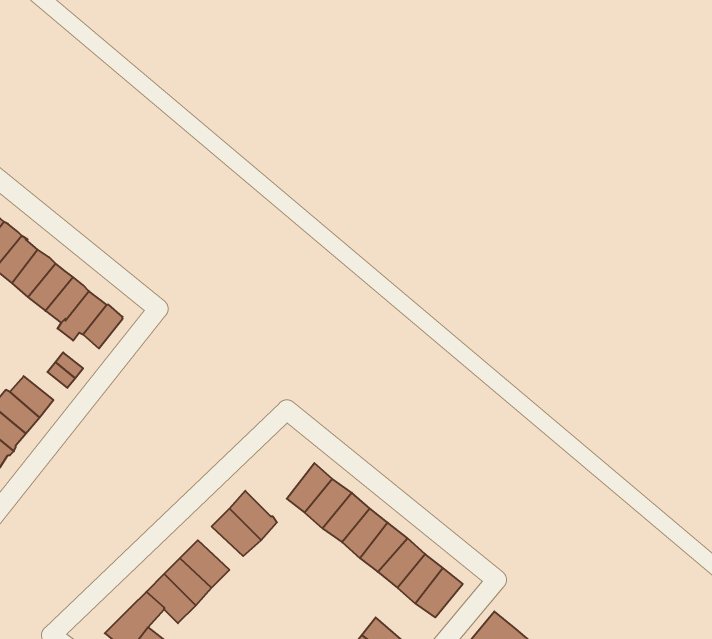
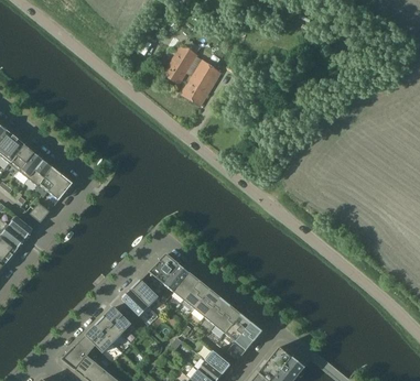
building: none -> [162,44,196,85]
building: none -> [180,59,219,106]
building: none -> [140,254,179,294]

